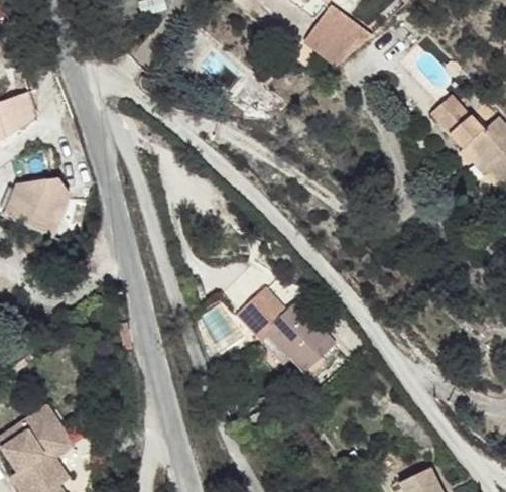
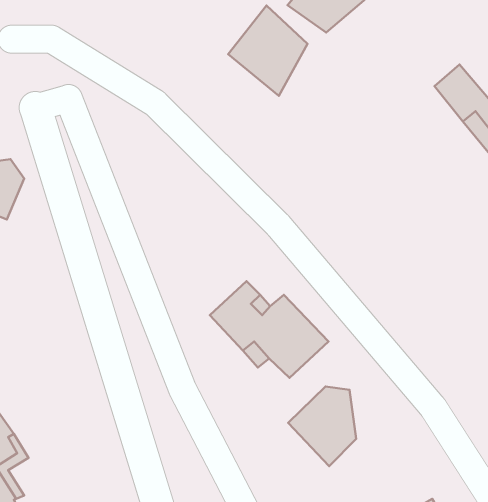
building: none -> [228,6,307,96]
building: none -> [288,387,356,466]

